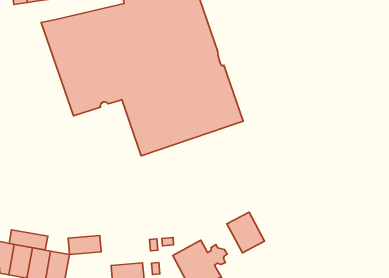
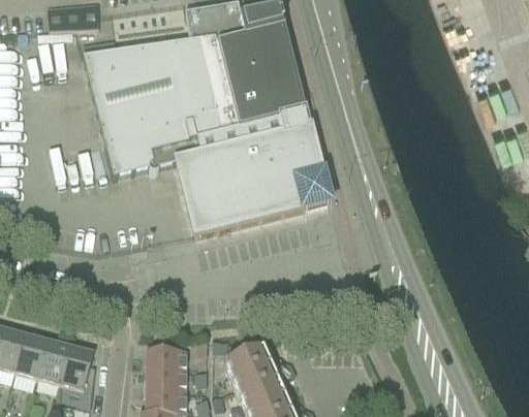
building: [227,212,265,253] -> none
building: [9,230,48,250] -> none
building: [68,236,101,254] -> [147,349,187,370]

